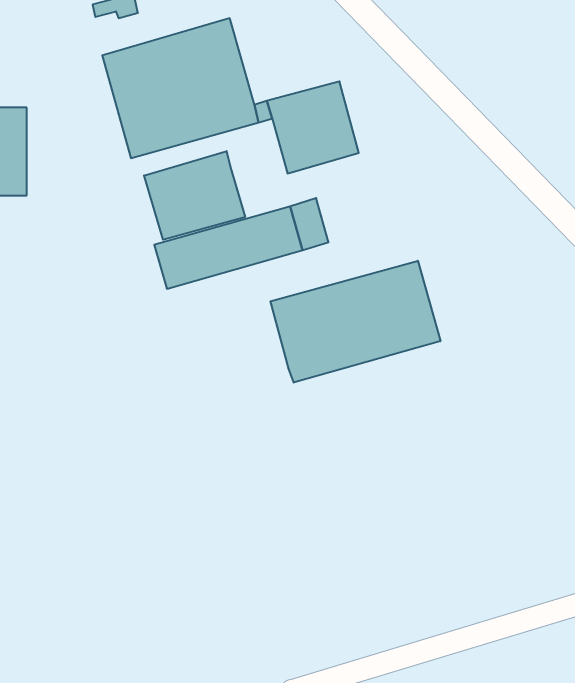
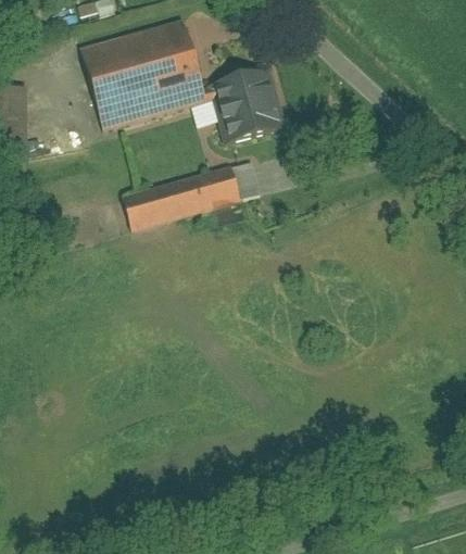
building: [144,151,245,240] -> none
building: [270,261,440,383] -> none

